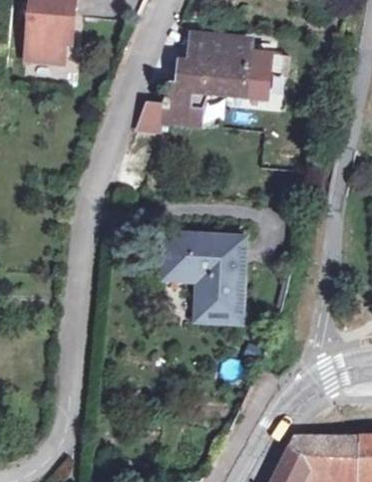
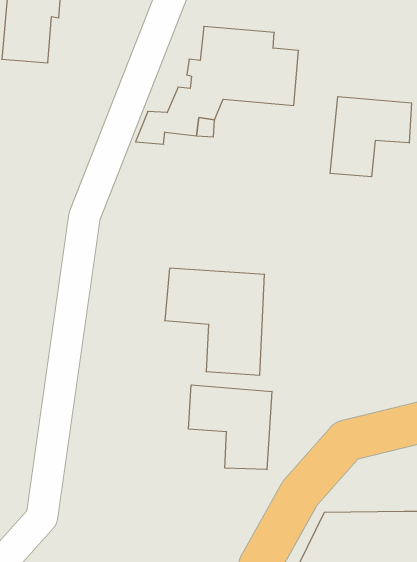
building: none -> [330,97,412,177]
building: none -> [189,385,272,470]

